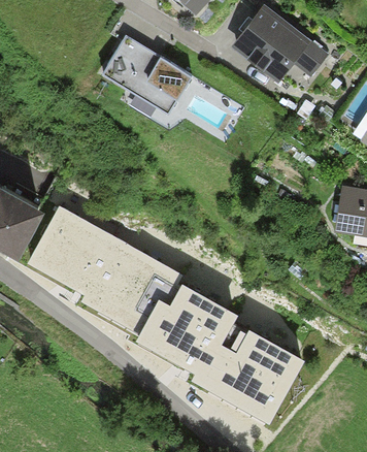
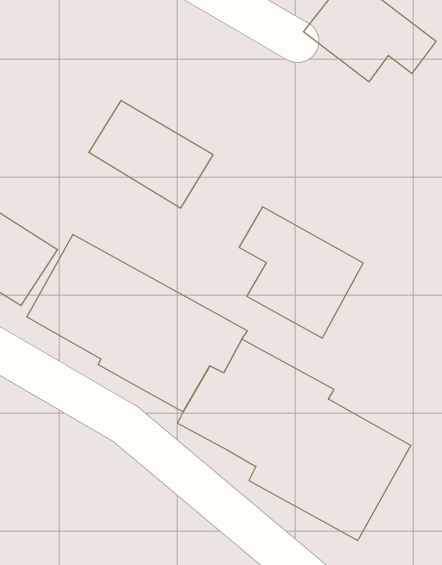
building: [101,35,193,115] -> [89,100,213,208]
building: none -> [239,207,363,338]

